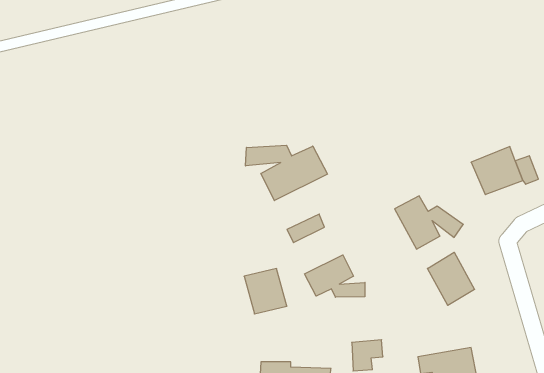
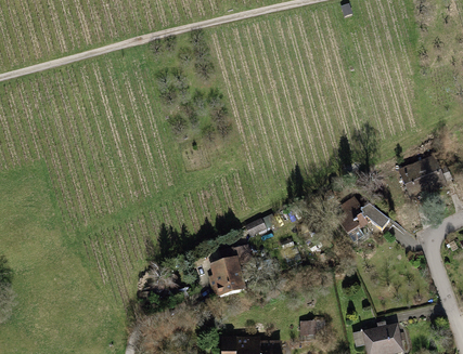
building: [246,145,327,201] -> none
building: [427,252,475,305] -> none
building: [305,255,365,297] -> none

